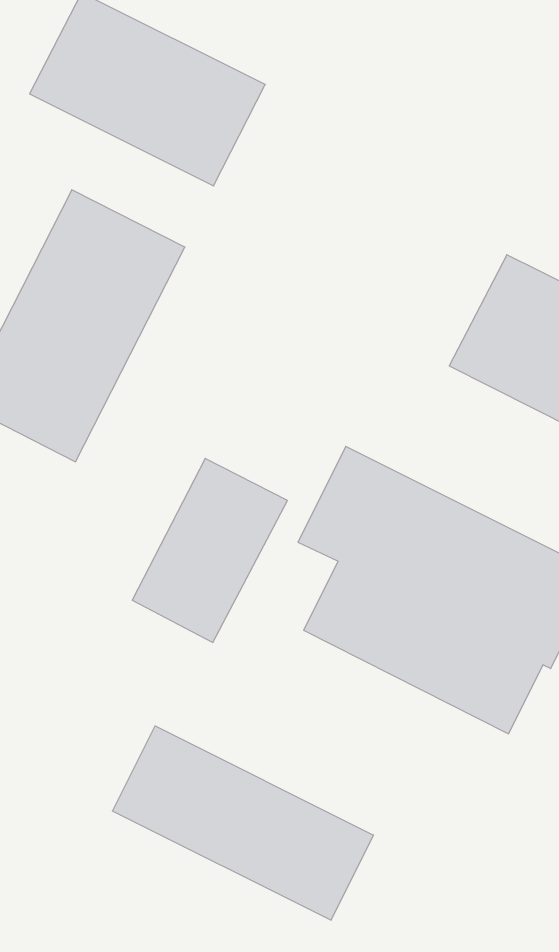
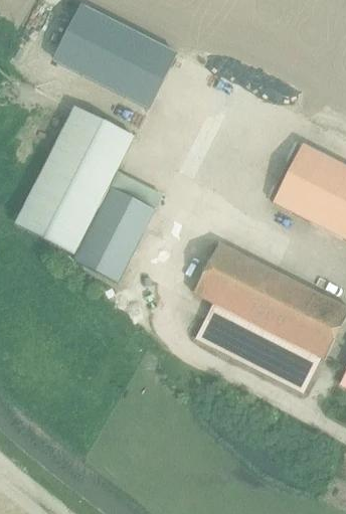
building: [132,458,287,642] -> [72,185,154,282]
building: [112,726,374,920] -> none

